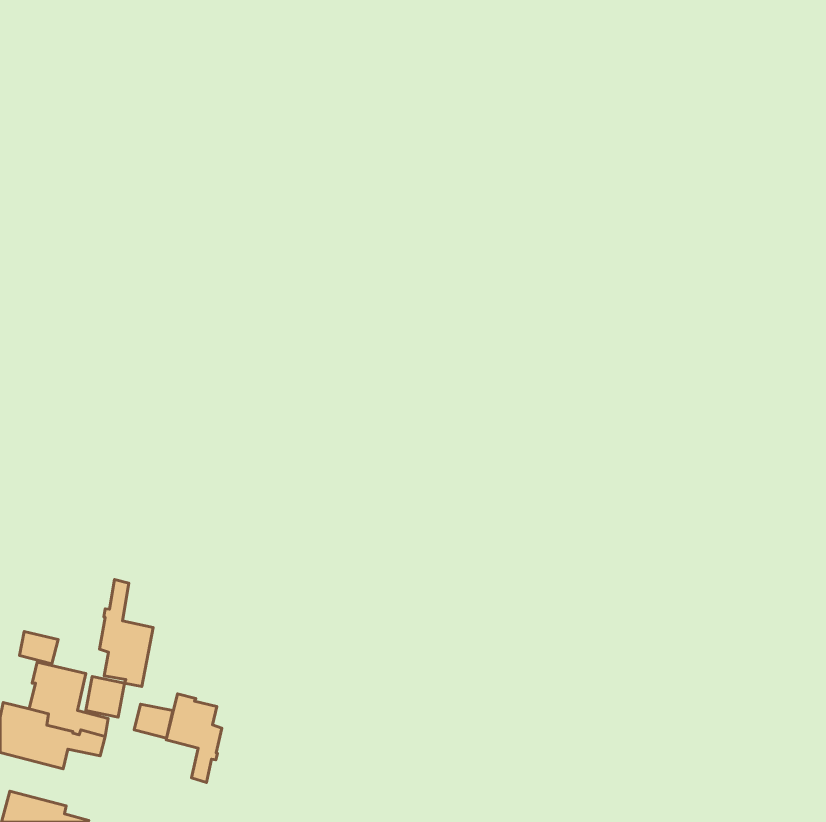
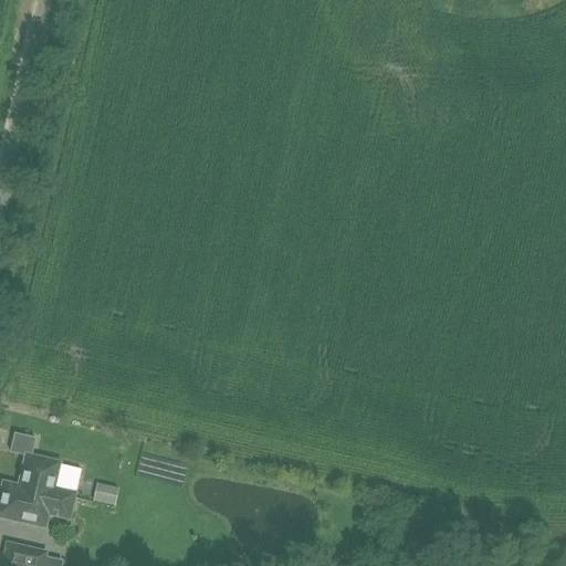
building: [99,579,153,687] -> none
building: [166,694,222,782] -> none

